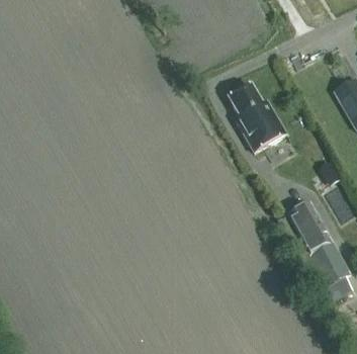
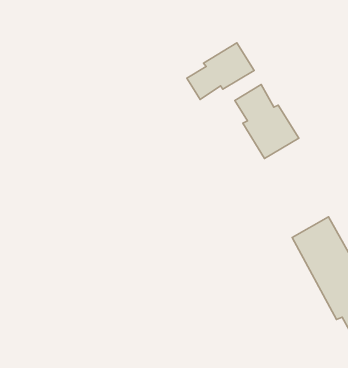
building: none -> [187,43,254,99]

